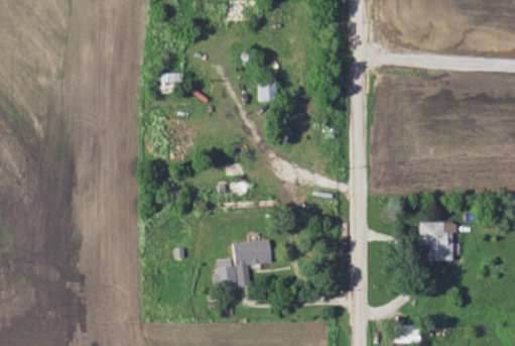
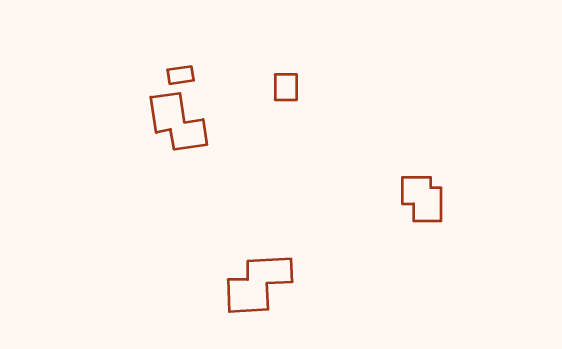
building: none -> [151,93,207,149]
building: [419,222,454,260] -> [402,177,441,221]

